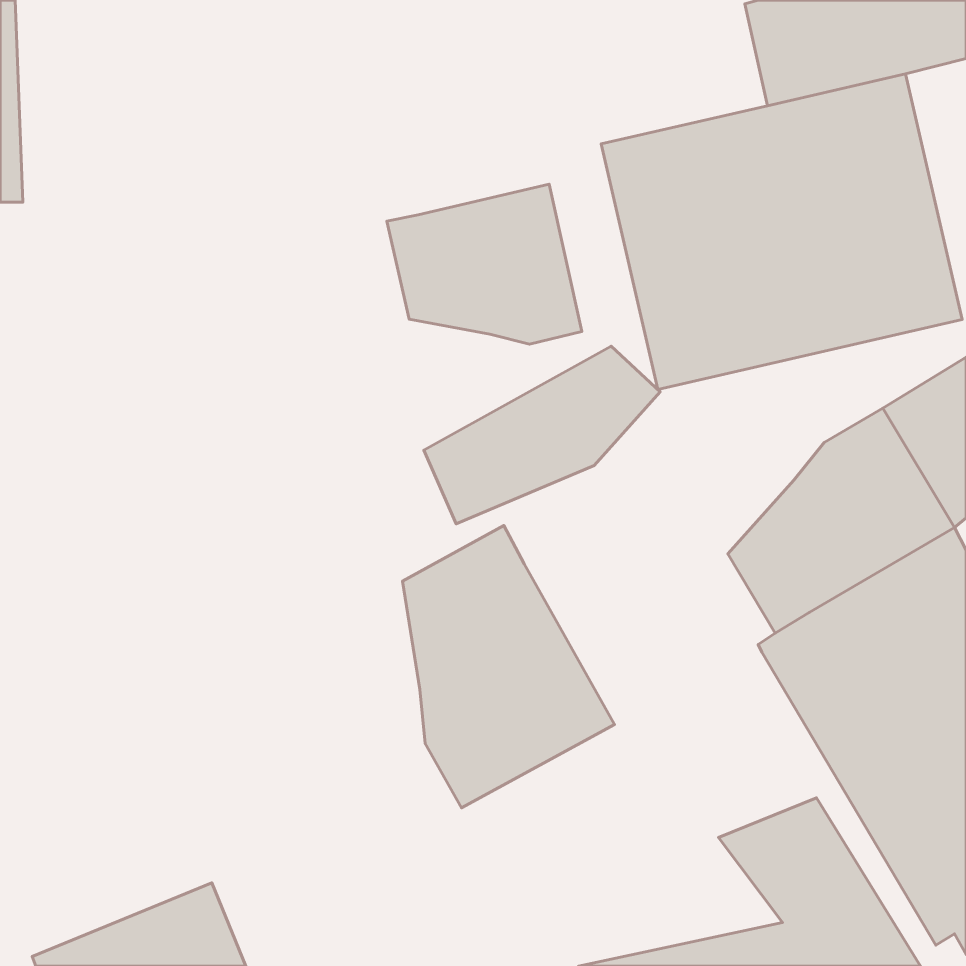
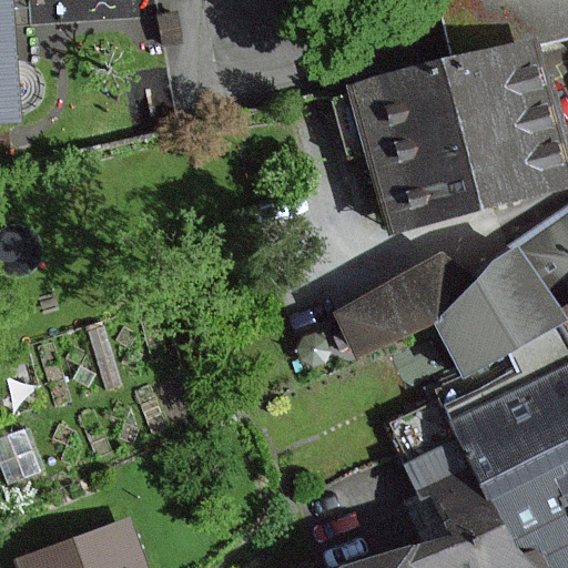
building: [387,184,582,344] -> none
building: [424,346,660,524] -> [327,255,466,359]
building: [402,525,614,808] -> none

